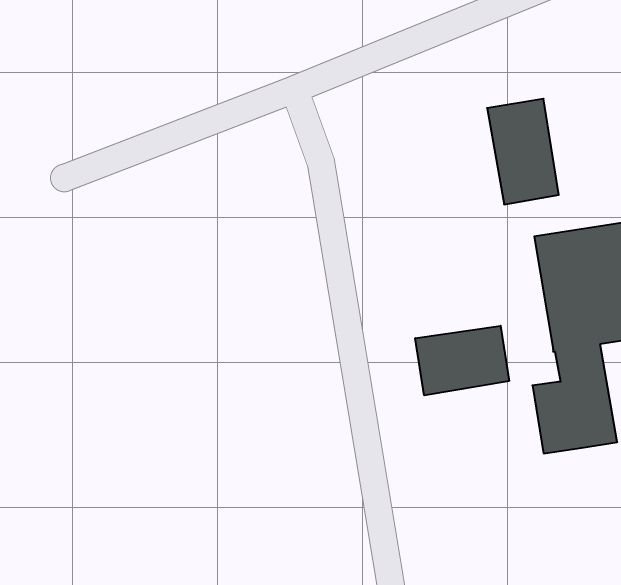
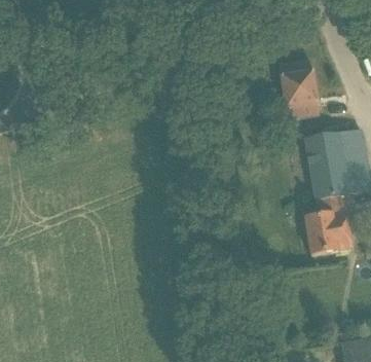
building: [415,326,509,395] -> none

